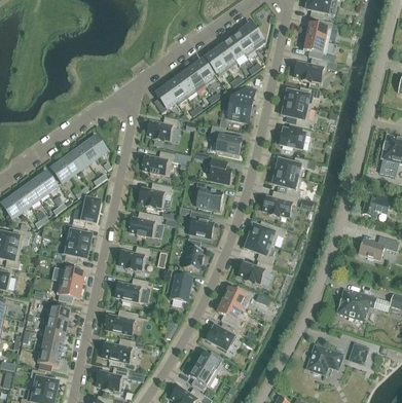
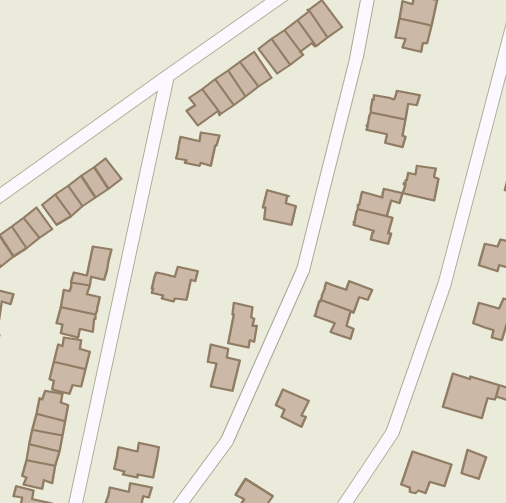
building: [293,58,326,82] -> none
building: [227,88,253,121] -> none
building: [279,124,304,149] -> [403,166,439,200]
building: [210,125,241,156] -> none
building: [142,151,175,176] -> none
building: [195,181,223,210] -> none
building: [138,184,171,208] -> none
building: [262,192,297,217] -> none
building: [187,211,212,239] -> none
building: [118,246,149,270] -> none
building: [237,260,272,284] -> none
building: [114,278,147,302] -> none
building: [222,286,251,310] -> none
building: [105,310,137,335] -> none
building: [206,323,233,350] -> none
building: [195,352,224,376] -> none

